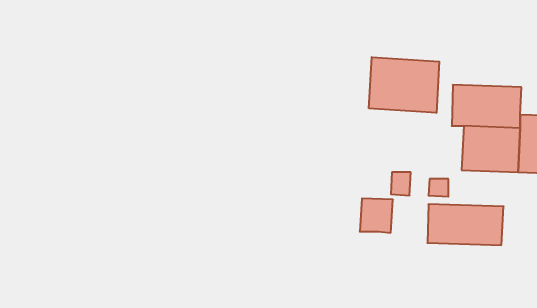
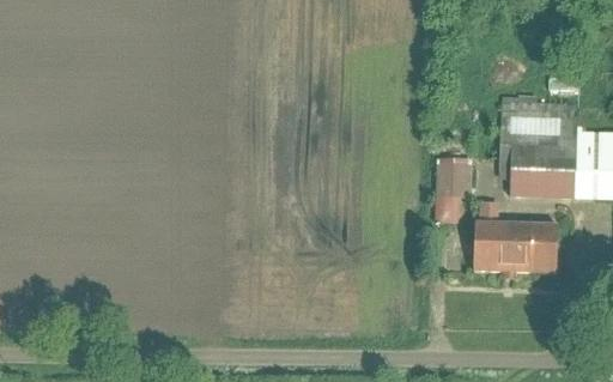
building: [369,57,439,113] -> none
building: [360,198,393,233] -> [436,159,472,196]

